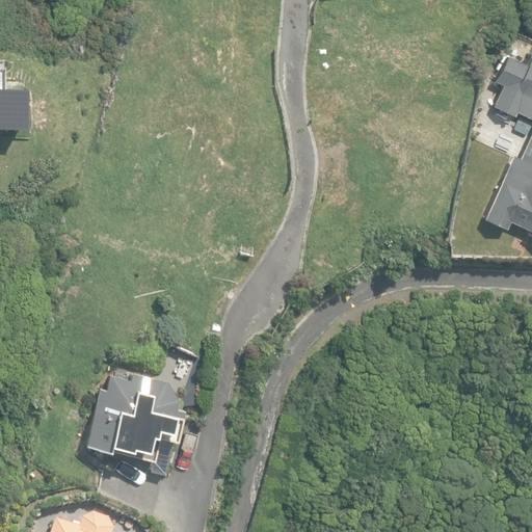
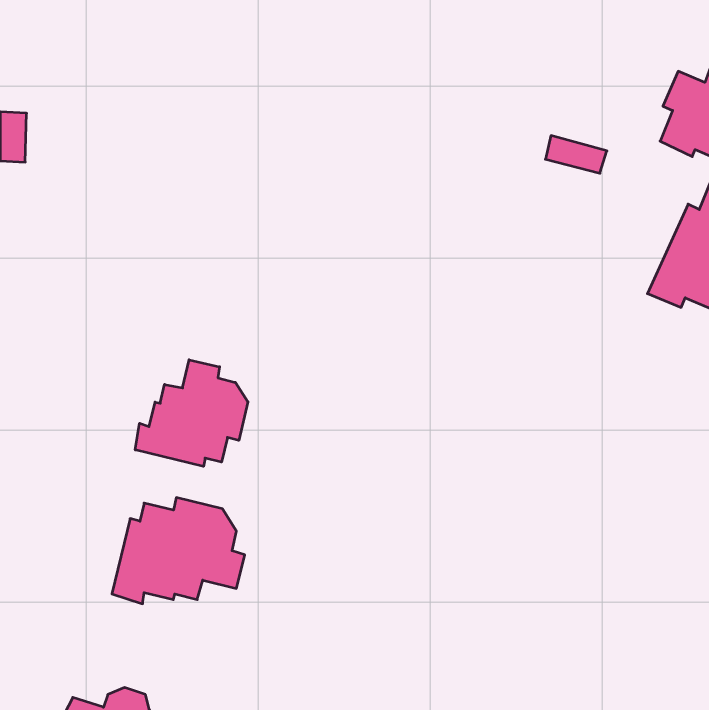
building: none -> [135,360,248,466]

